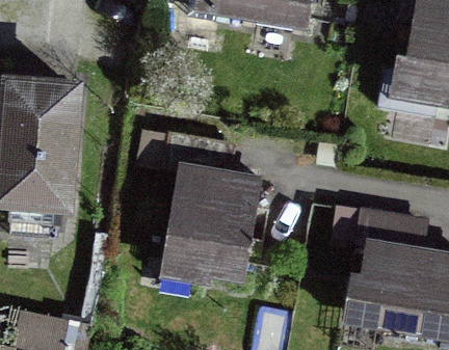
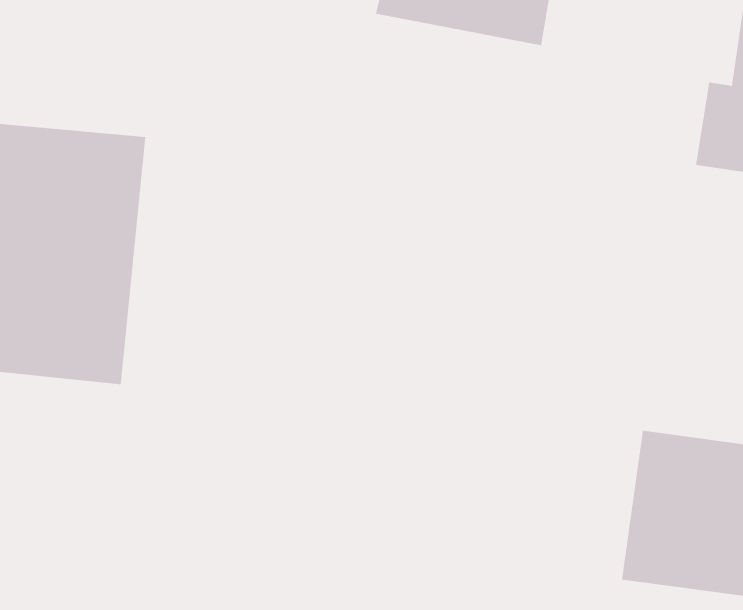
building: [156,168,260,291] -> none

